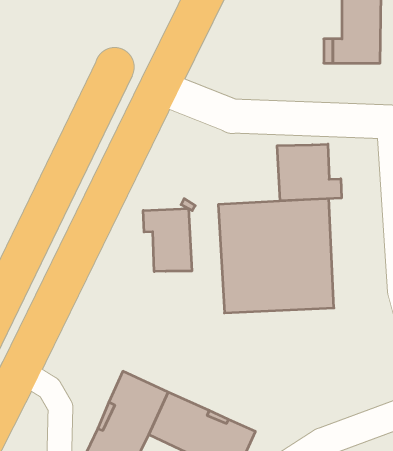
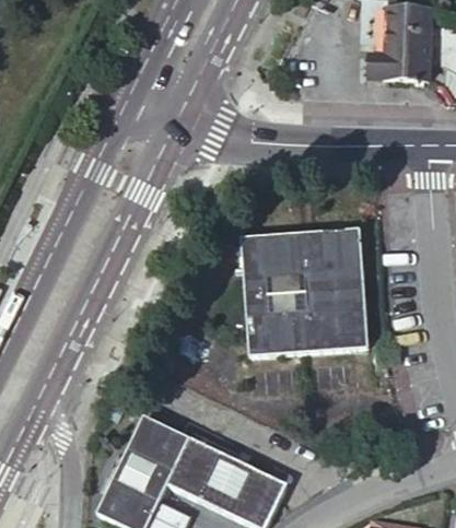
building: [277,144,341,201] -> none
building: [143,209,192,272] -> none

